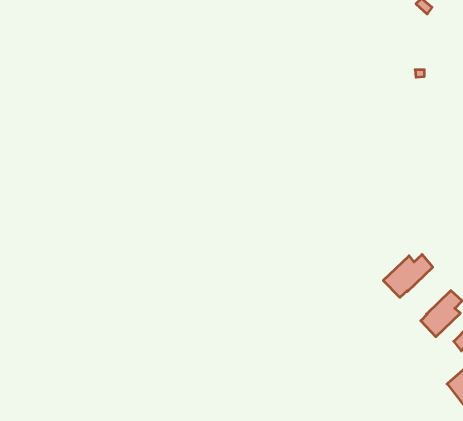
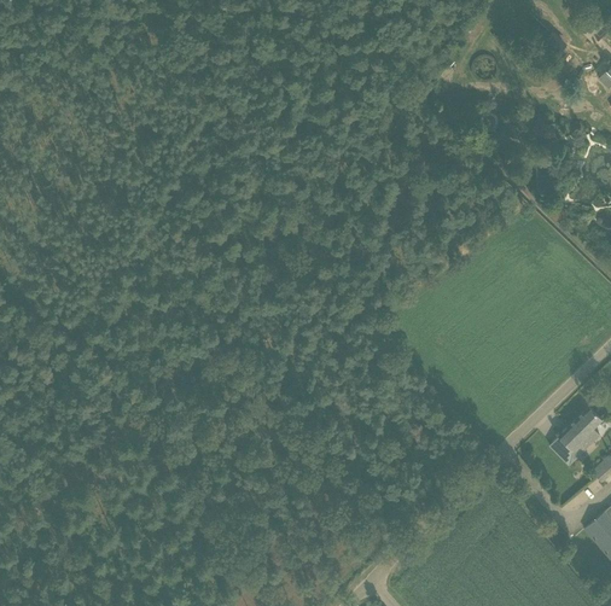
building: [383,254,433,297] -> none

